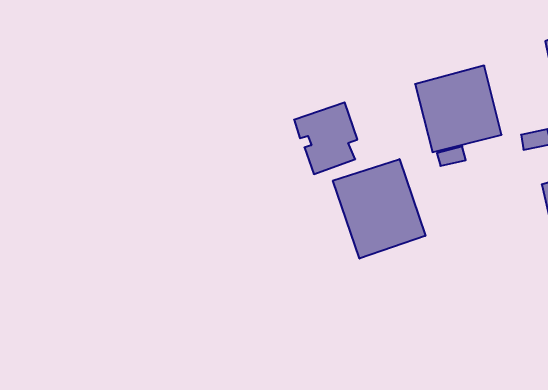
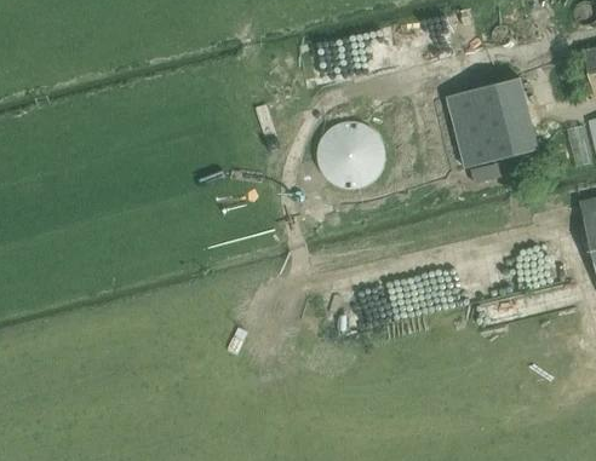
building: [333,159,425,259] -> none

